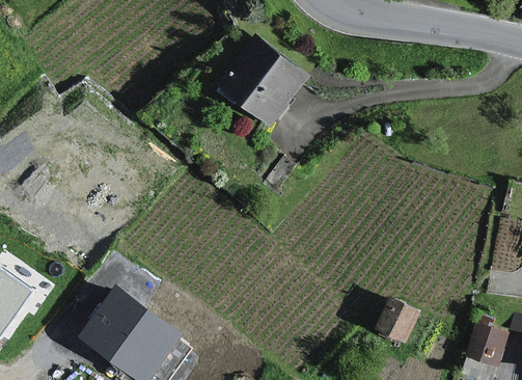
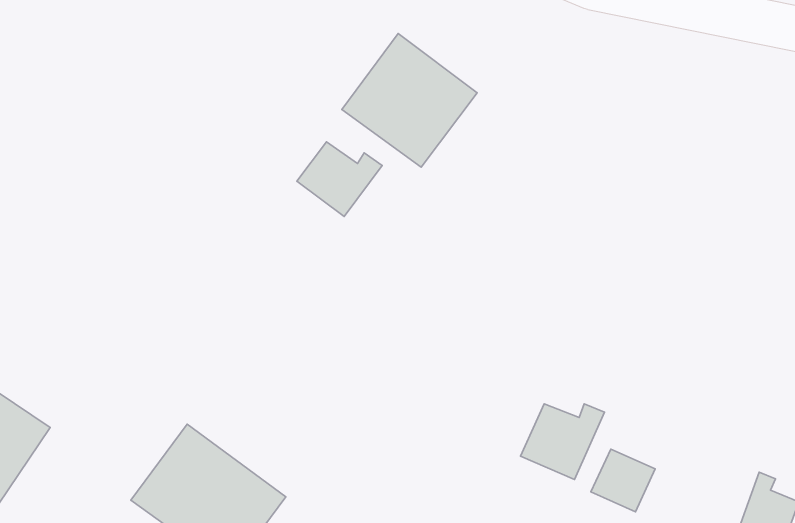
building: none -> [297,142,382,216]
building: none -> [521,404,605,480]

